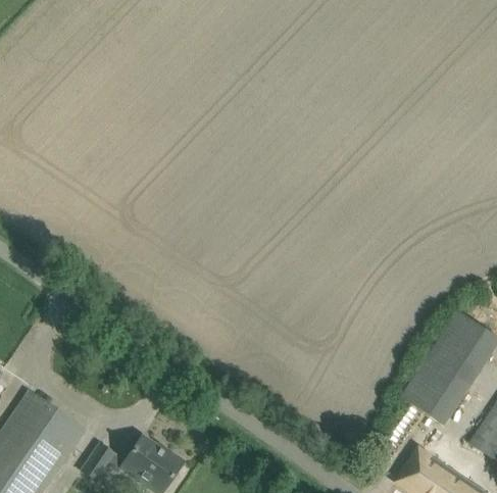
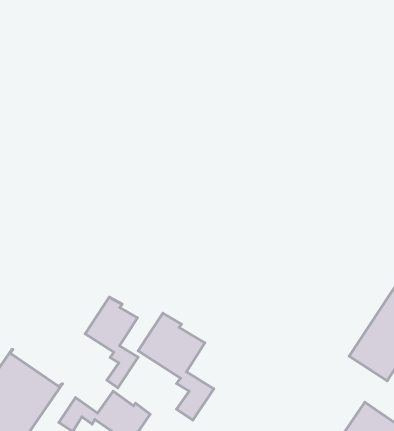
building: none -> [85,297,138,388]
building: none -> [138,313,214,420]

